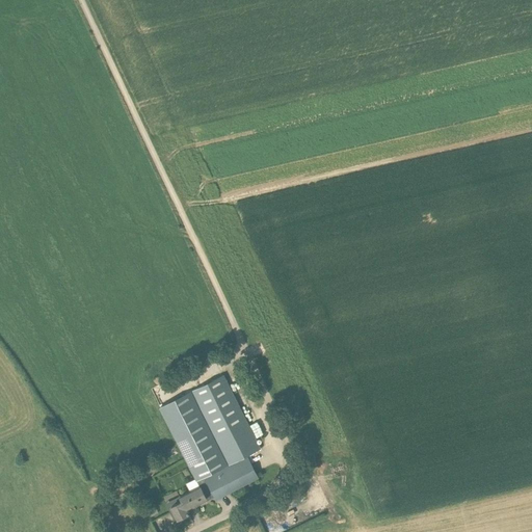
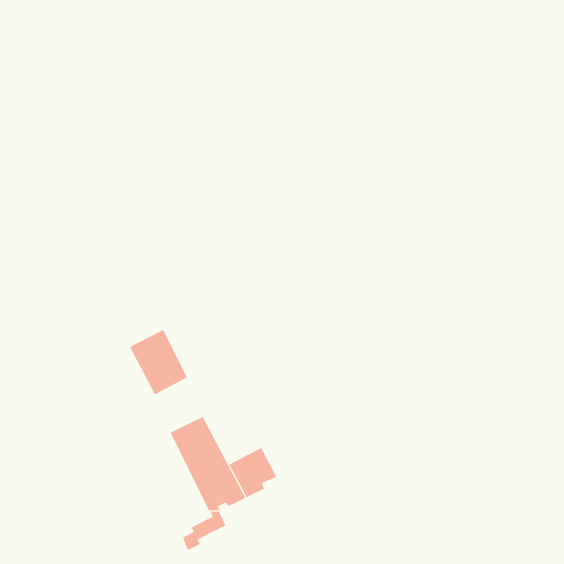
building: [191,375,246,437] -> [129,329,188,395]
building: [206,460,258,500] -> none

